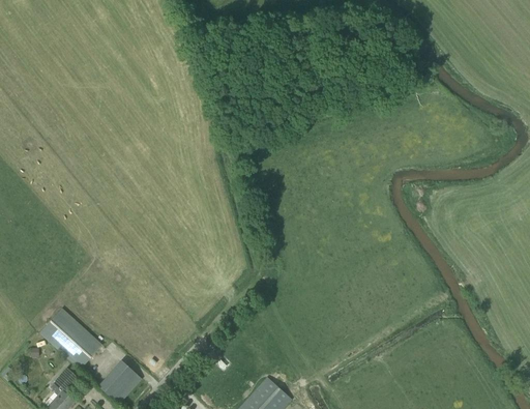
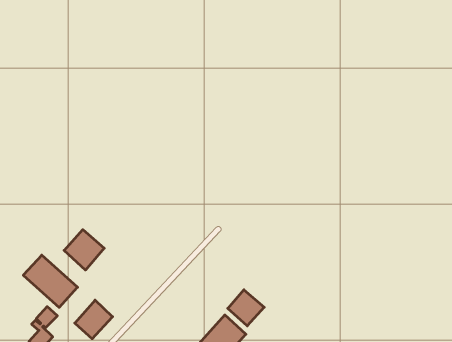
building: none -> [64,230,104,270]
building: none -> [228,290,264,326]

